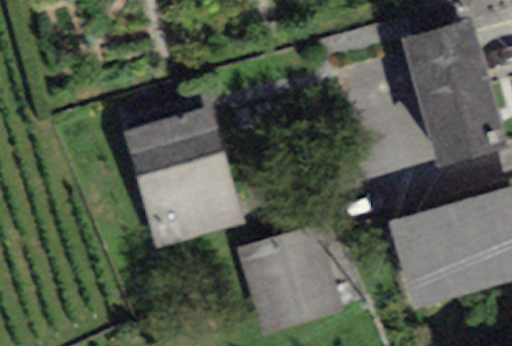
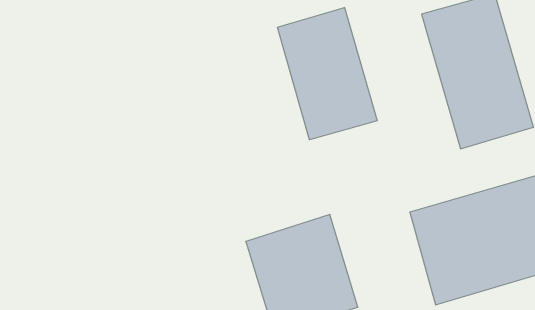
building: none -> [277,7,377,140]
building: [123,106,243,248] -> none

